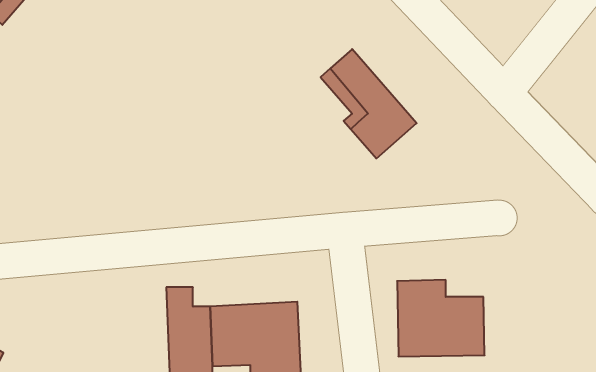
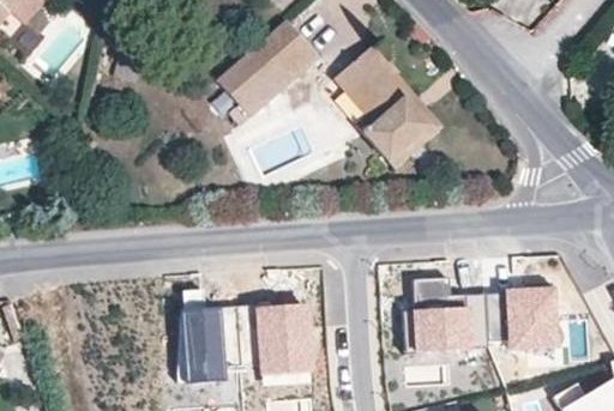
building: none -> [216,19,319,126]
building: none -> [363,43,445,169]
building: none -> [501,285,556,353]

